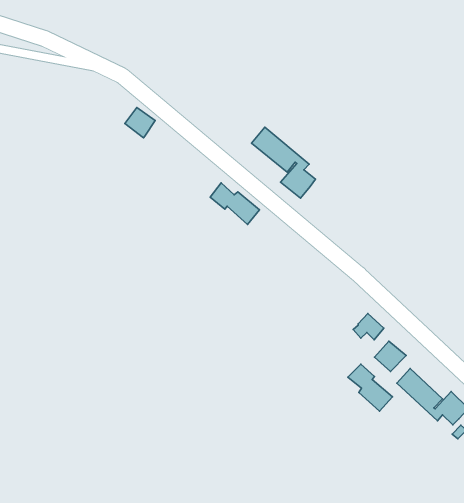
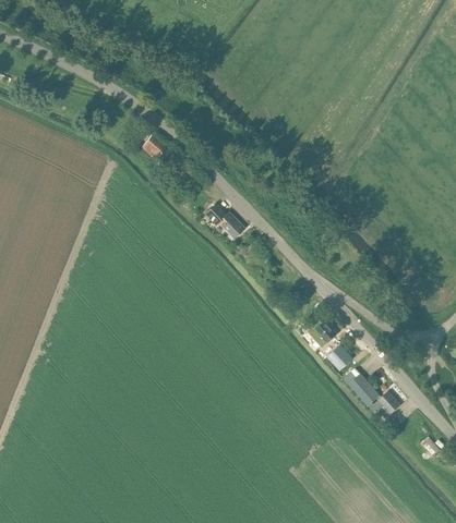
building: [252,127,315,198] -> none
building: [348,364,393,411] -> none

